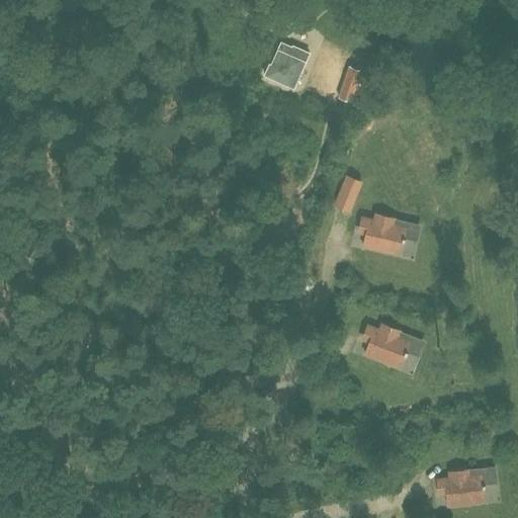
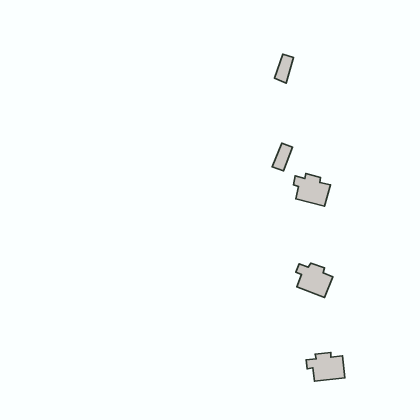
building: [265,50,306,87] -> none
building: [438,469,486,505] -> [306,352,345,381]

